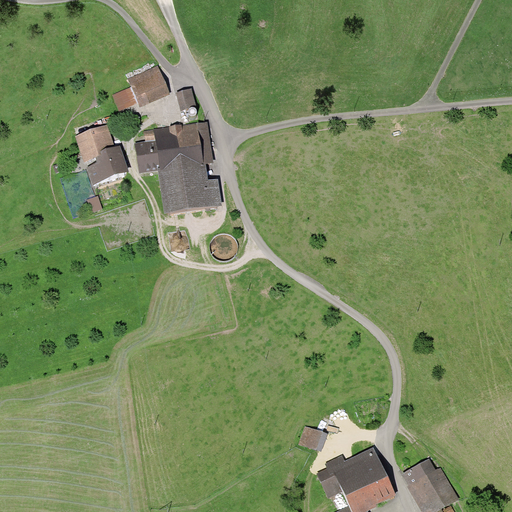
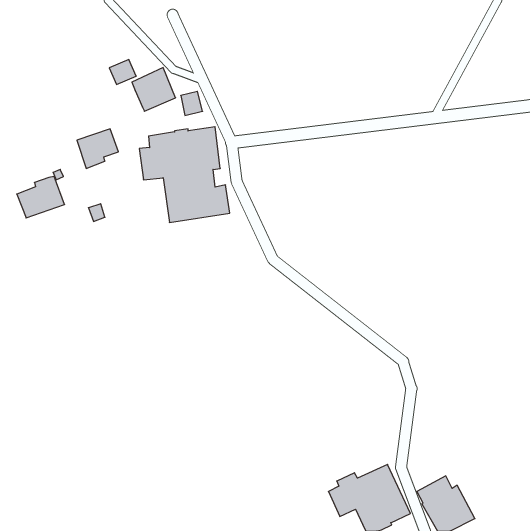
building: [111,87,137,111] -> [109,60,136,84]
building: [83,145,129,185] -> [17,176,65,218]
building: [300,430,328,454] -> none

